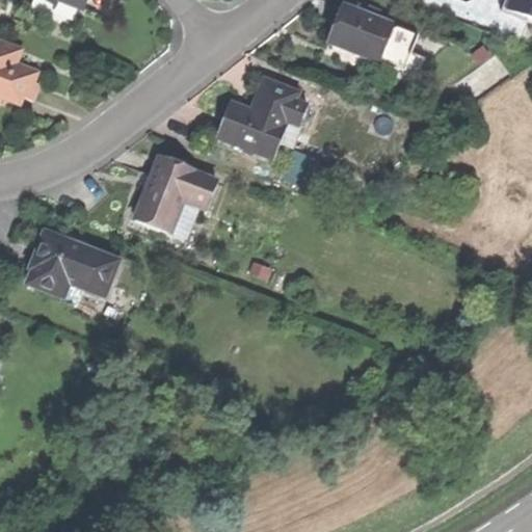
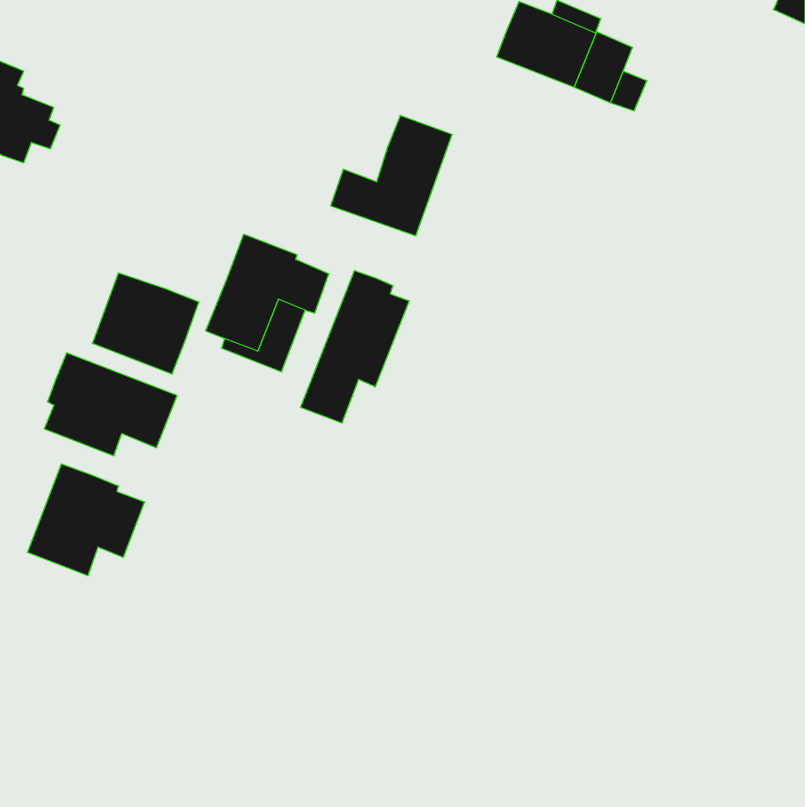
building: none -> [301,270,409,423]
building: none -> [92,273,199,374]
building: none -> [27,464,145,576]

